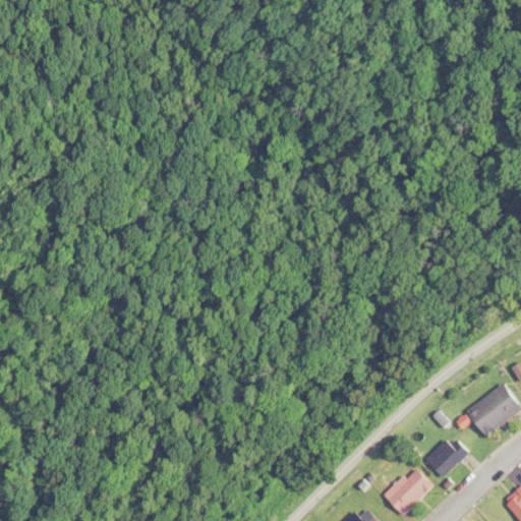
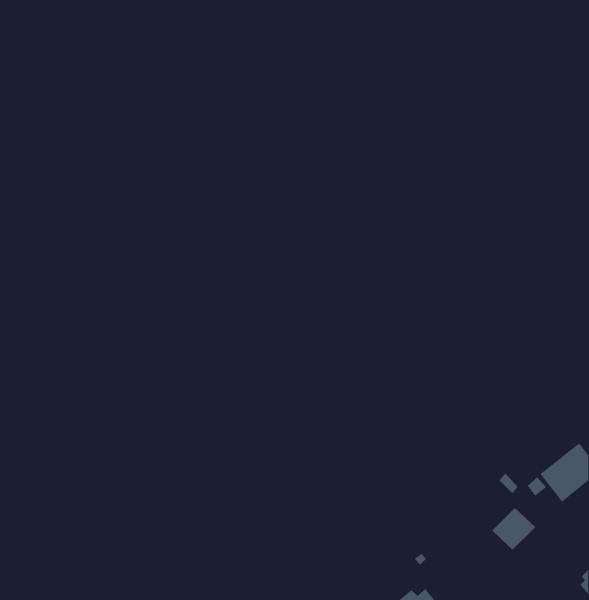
building: [385,469,433,515] -> none

